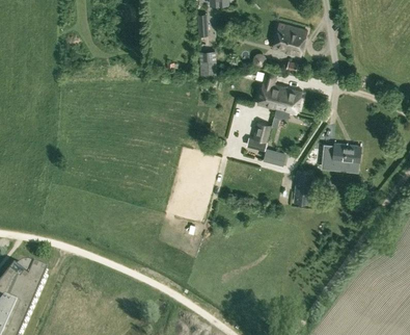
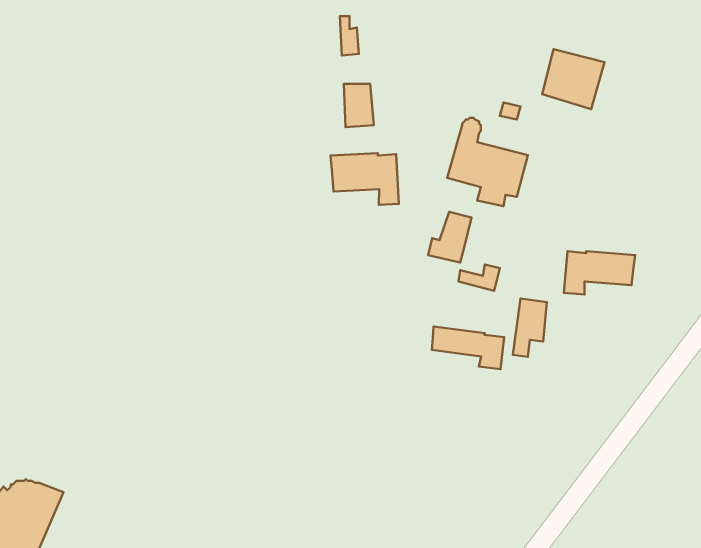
building: [271,23,305,56] -> [542,49,604,109]
building: none -> [331,153,399,205]
building: none -> [432,326,504,369]

